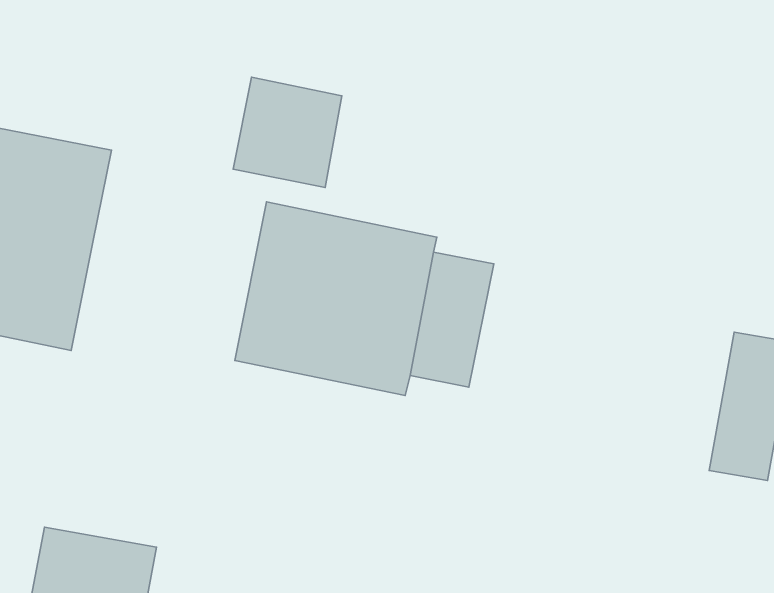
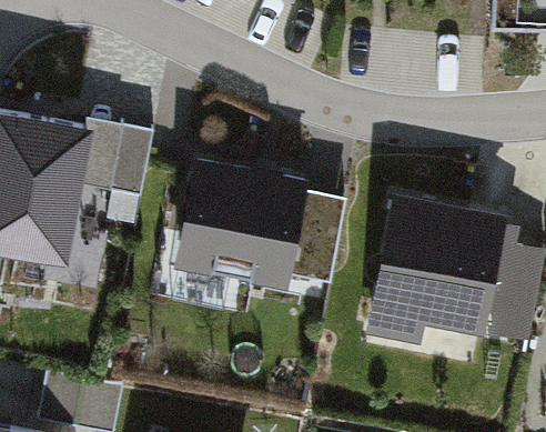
building: [233,77,342,187] -> [80,125,152,199]
building: none -> [365,195,506,349]

